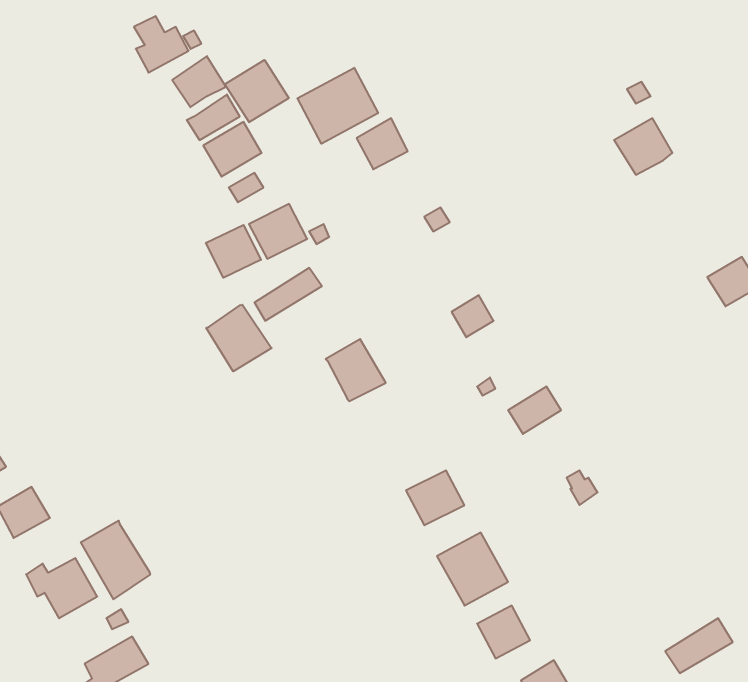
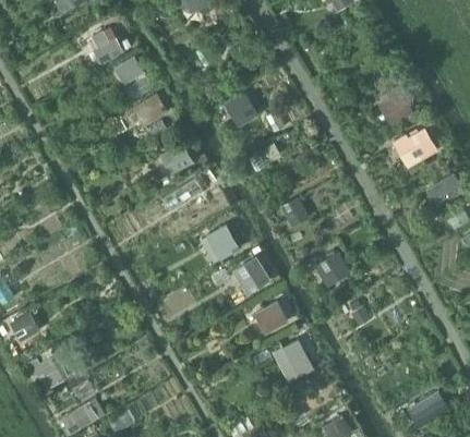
building: [225,60,289,122] -> none
building: [297,68,378,144] -> none
building: none -> [395,129,436,160]
building: [206,225,261,278] -> none
building: [206,305,272,371] -> none
building: none -> [231,256,270,291]
building: [81,521,150,599] -> none

